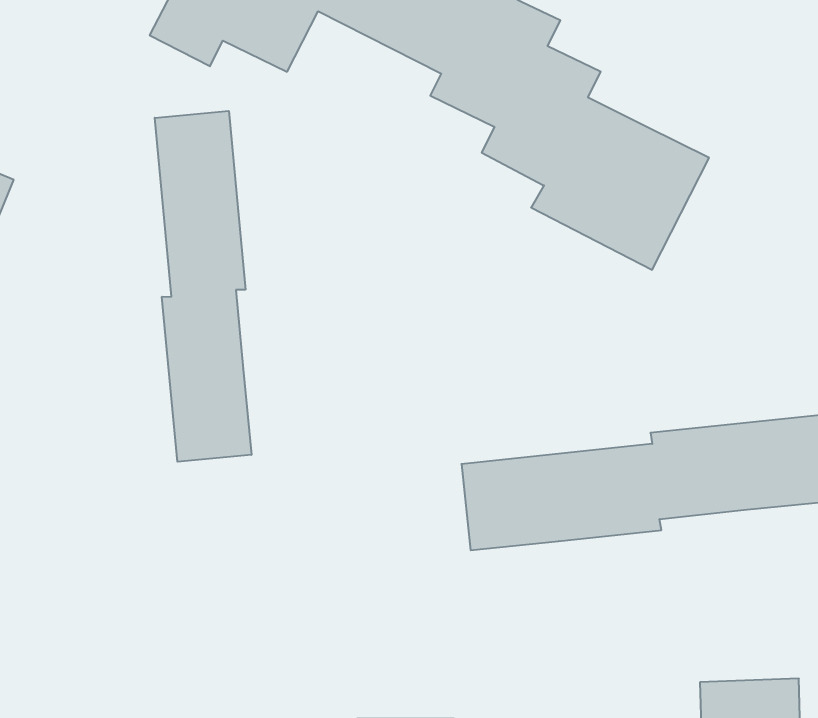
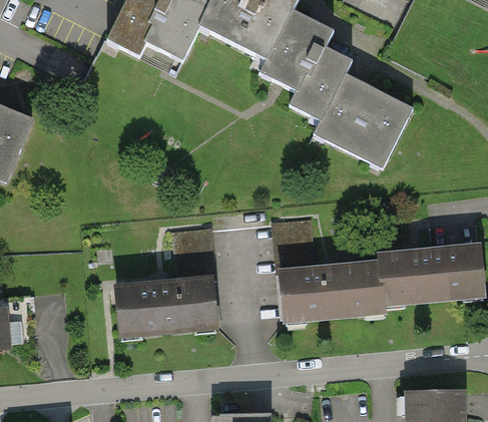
building: [155,111,251,462] -> none
building: none -> [114,280,217,337]

